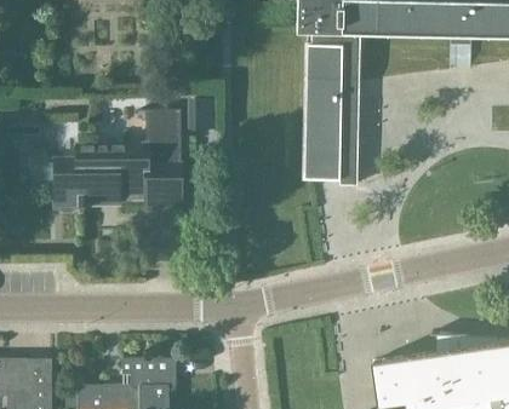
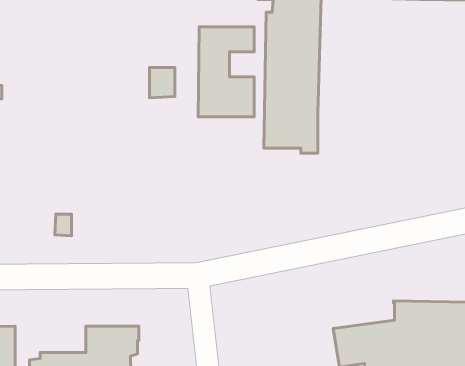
building: none -> [198,27,254,117]
building: [55,109,179,214] -> none

